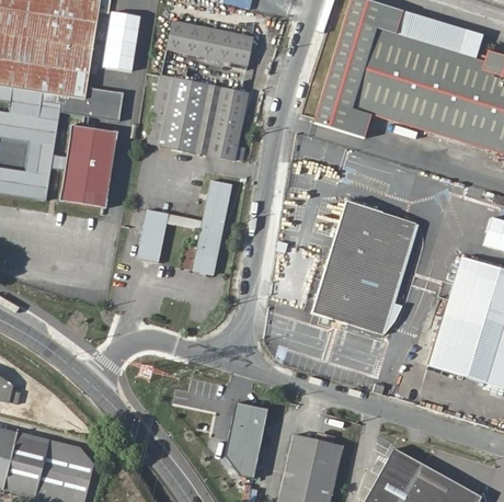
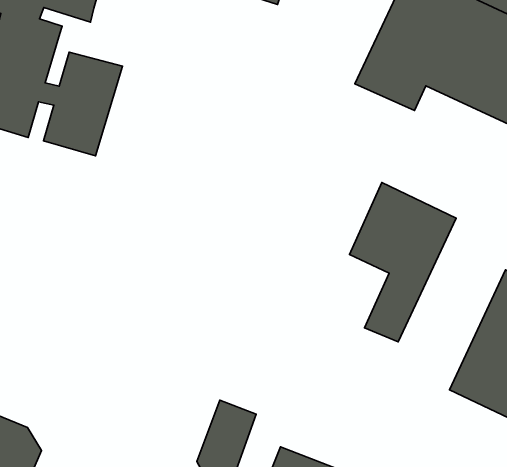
building: [141,77,244,161] -> none
building: [44,88,124,122] -> none
building: [138,182,232,277] -> none
building: [313,263,364,322] -> none

